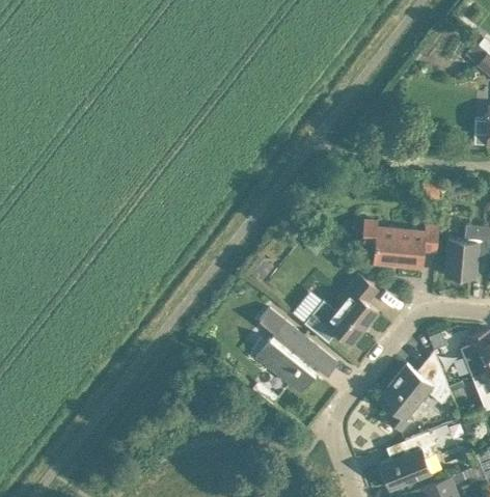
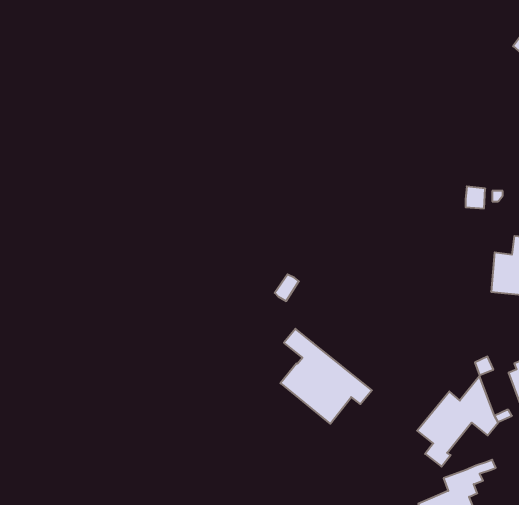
building: [362,221,439,268] -> none
building: [305,275,379,346] -> none

